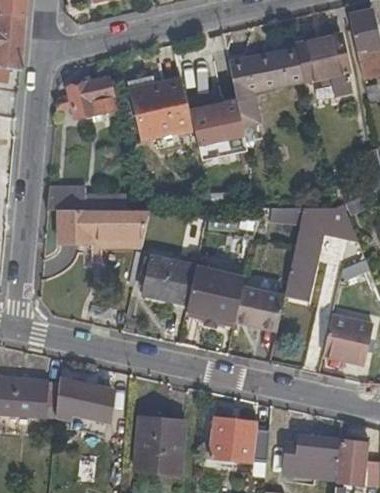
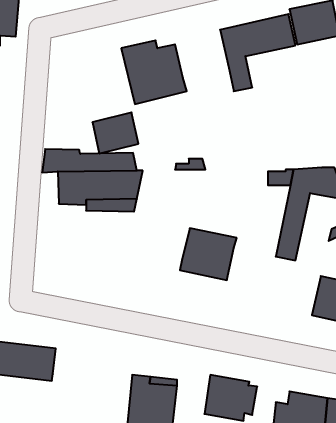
building: [67,78,114,120] -> [92,112,138,154]
building: [190,103,248,162] -> none
building: [145,253,197,300] -> none
building: [235,287,285,329] -> none
building: [57,380,114,421] -> none

